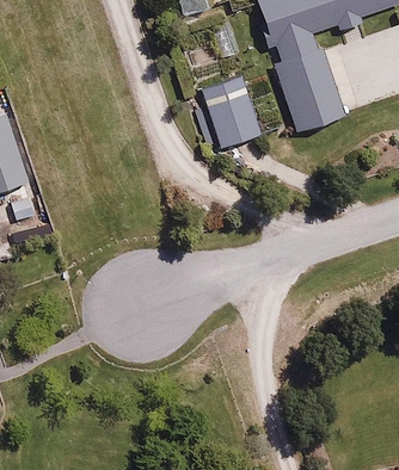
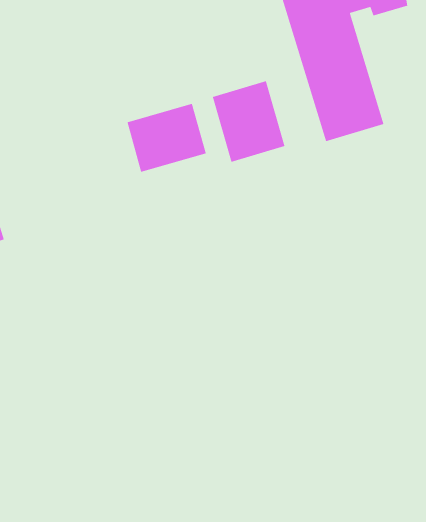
building: none -> [126,103,207,173]

